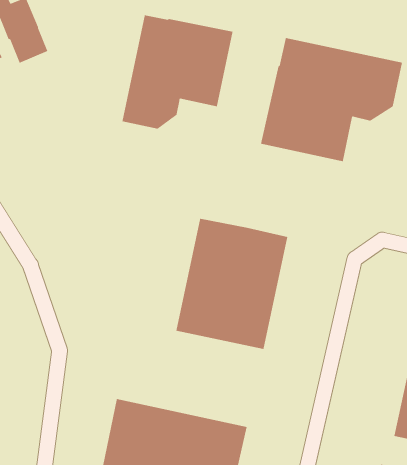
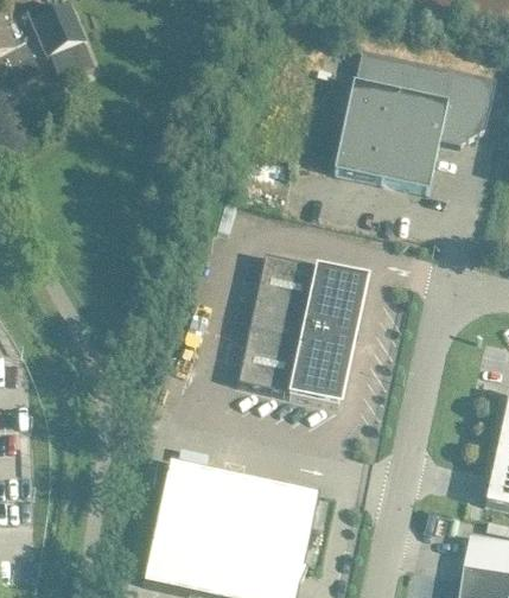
building: [122,14,233,130] -> none

